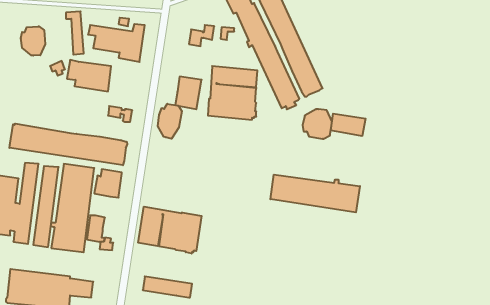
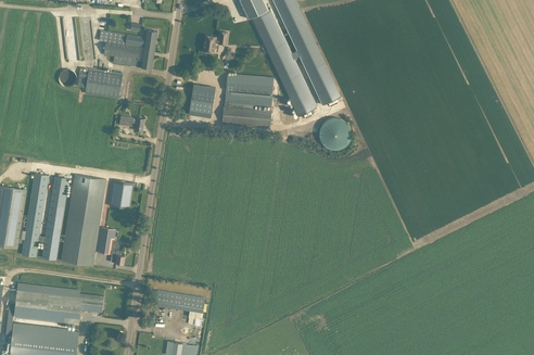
building: [21,26,45,56] -> none
building: [158,104,182,139] -> none
building: [331,114,366,136] -> none
building: [9,124,127,165] -> none
building: [270,175,360,212] -> none
building: [138,207,202,254] -> none

